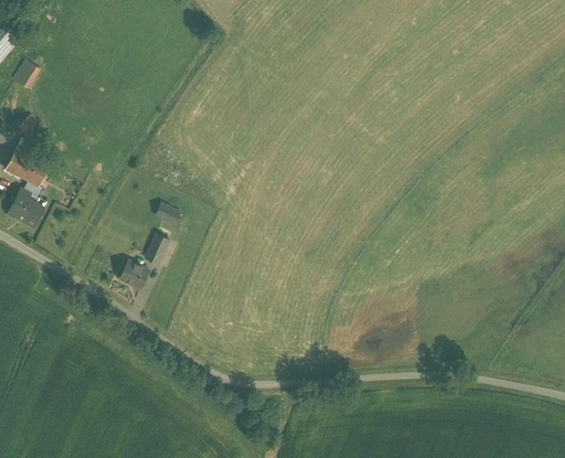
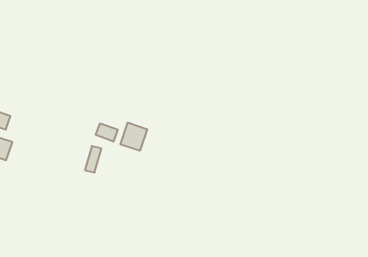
building: none -> [121,123,147,151]
building: [116,259,153,292] -> none

